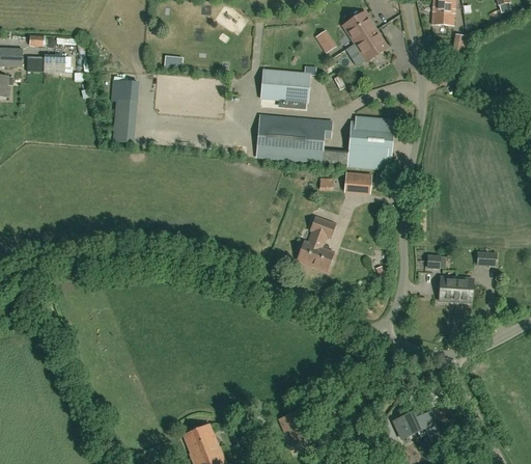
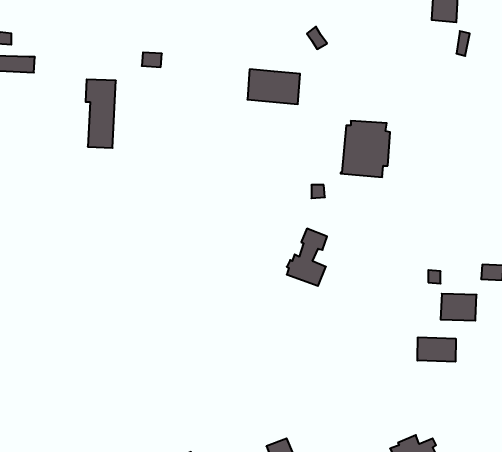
building: [342,11,387,61] -> none
building: [255,114,331,162] -> none
building: [344,172,371,193] -> none
building: none -> [417,337,456,362]

